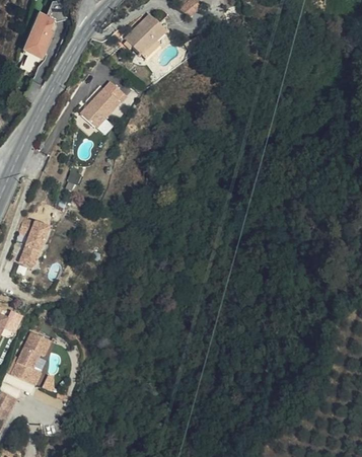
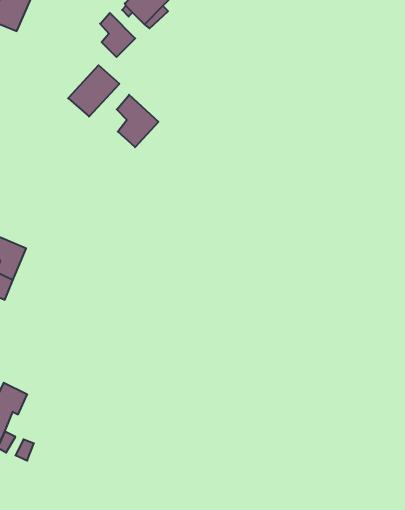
building: none -> [100,13,135,57]
building: none -> [117,95,158,147]

